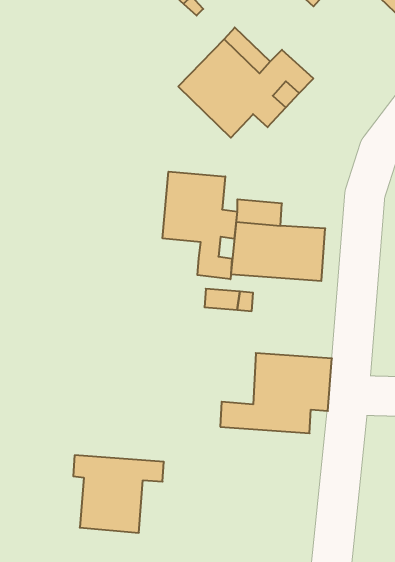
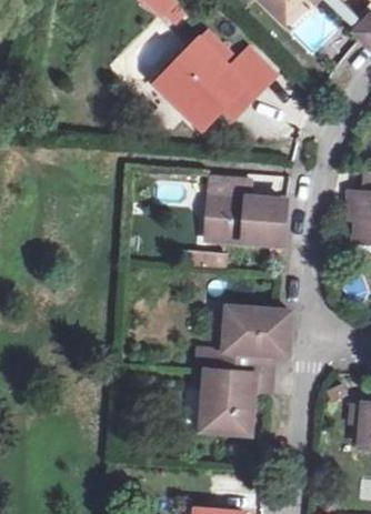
building: [163,172,237,279] -> none
building: [73,455,164,533] -> [195,369,272,434]

